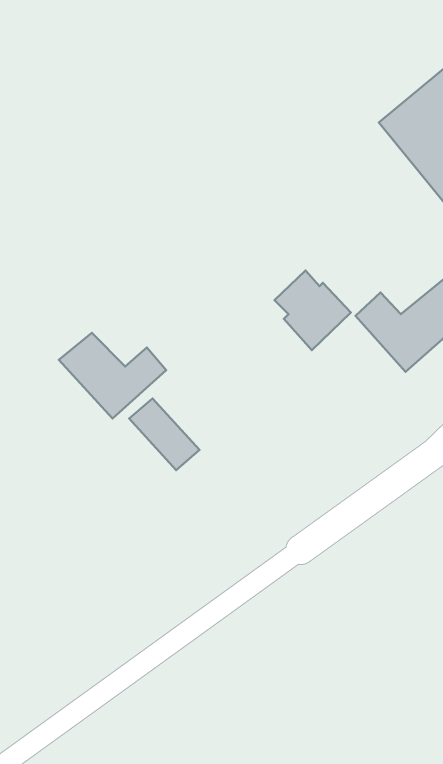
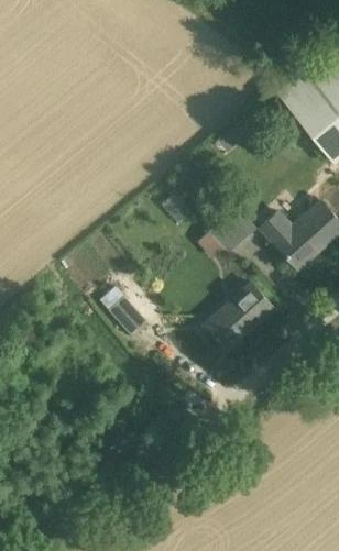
building: [59,333,166,419] -> none
building: none -> [206,284,273,350]

